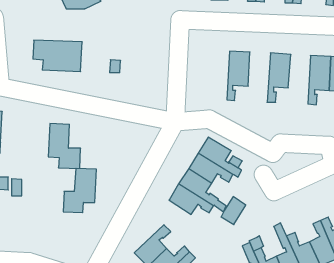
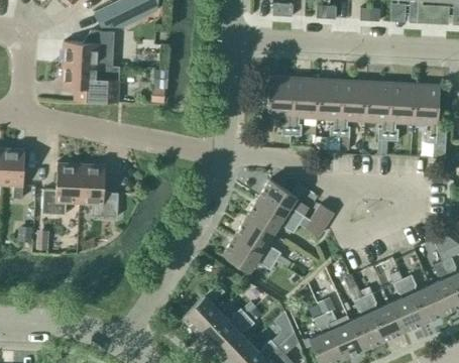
building: none -> [63,30,120,67]
building: none -> [267,76,295,135]
building: none -> [317,79,343,138]
building: none -> [364,82,390,140]
building: [63,168,96,213] -> [42,162,82,215]
building: [221,197,246,225] -> [305,203,334,236]

